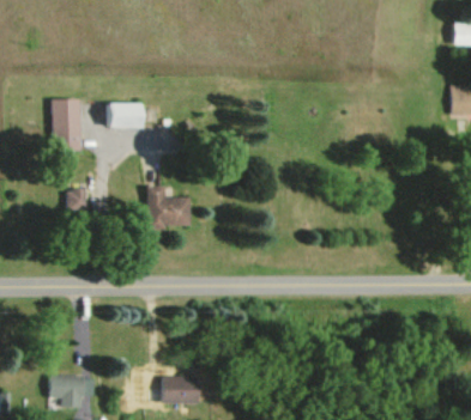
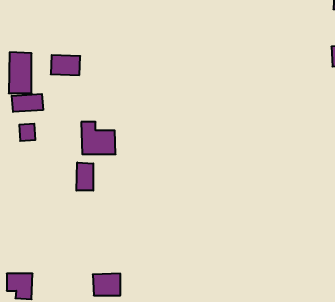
building: none -> [12,94,43,112]
building: none -> [76,162,93,191]

